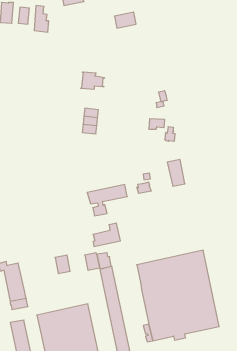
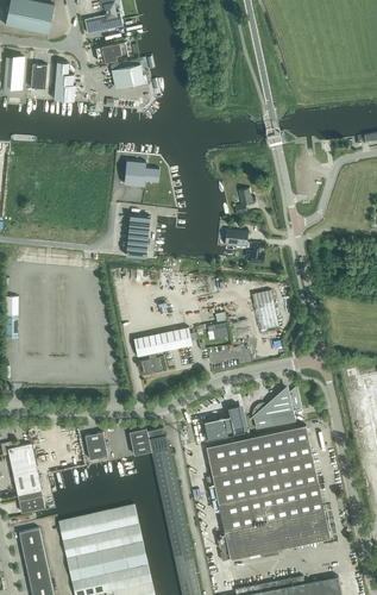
building: [114,12,136,28] -> [112,64,144,88]
building: [93,223,120,246] -> [205,405,245,439]
building: none -> [252,389,302,428]

